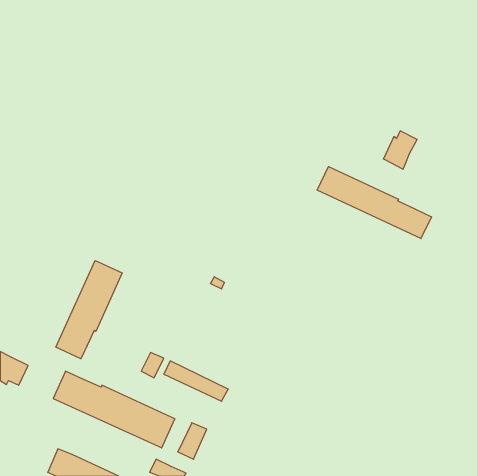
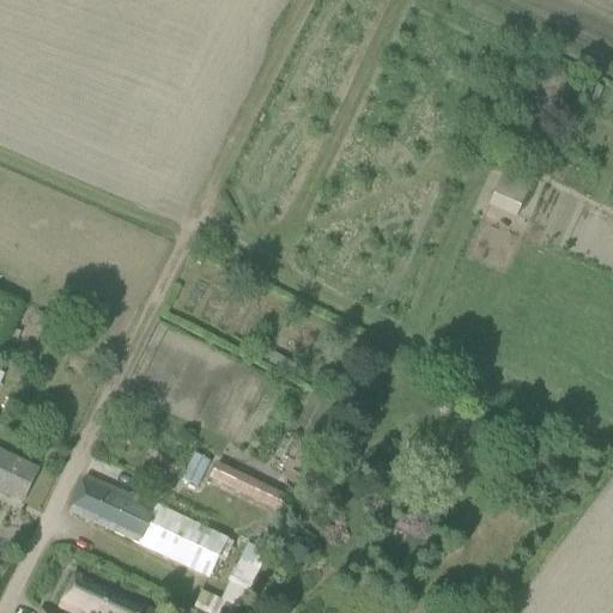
building: [317,167,431,239] -> none
building: [56,261,122,359] -> none

